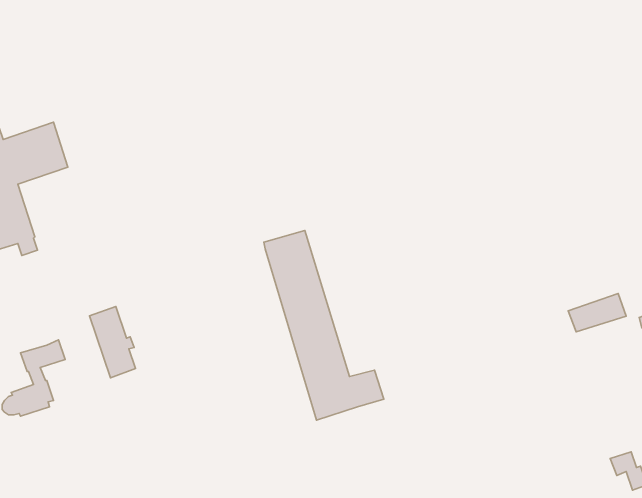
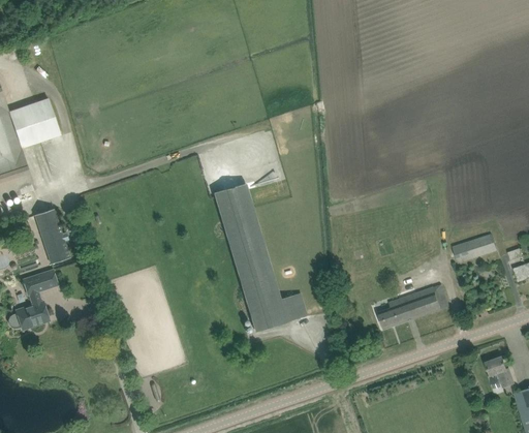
building: [89,307,136,378] -> [34,209,70,265]
building: none -> [378,284,449,329]

